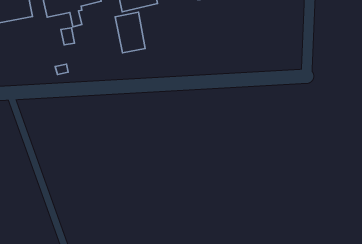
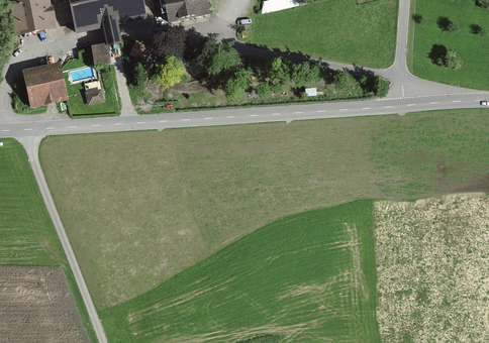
building: [115,12,145,53] -> none
building: none -> [25,68,65,99]

